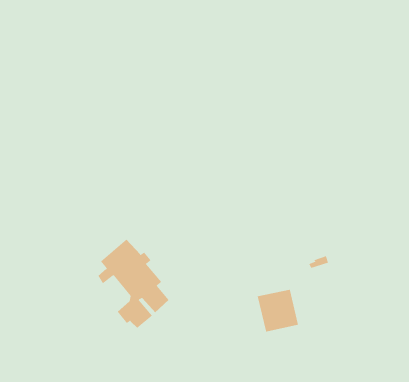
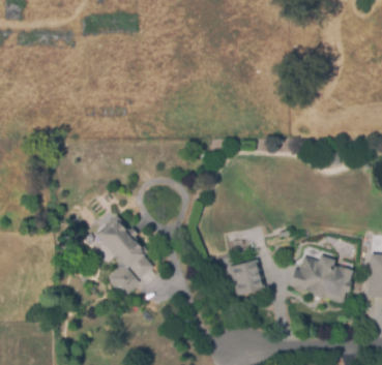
building: none -> [289,253,353,304]

